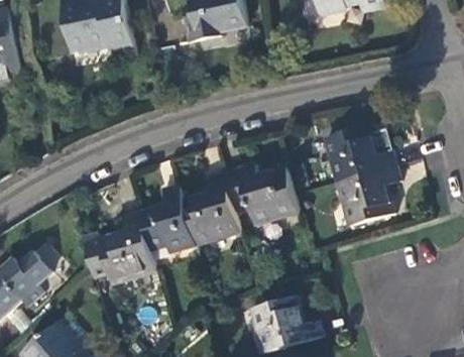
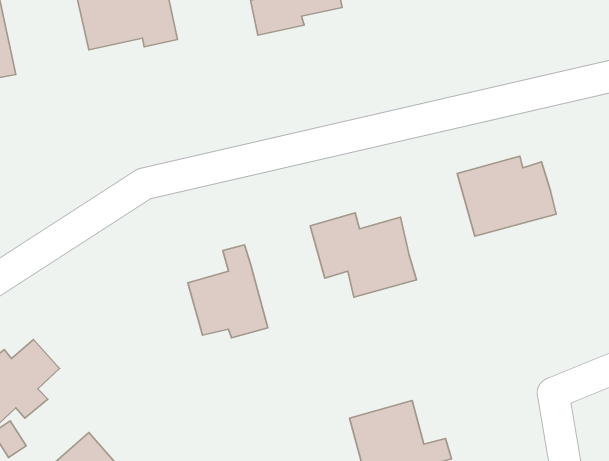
building: [337,166,397,226] -> none
building: [182,174,239,245] -> none
building: [85,214,154,283] -> none

